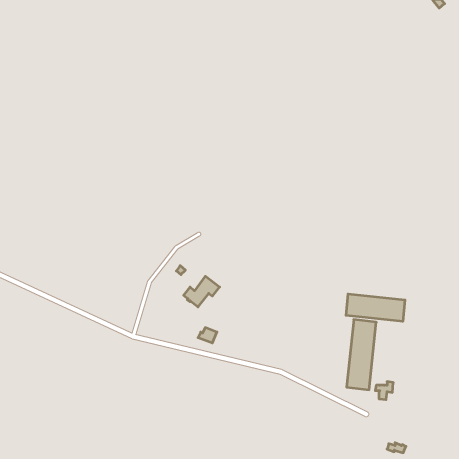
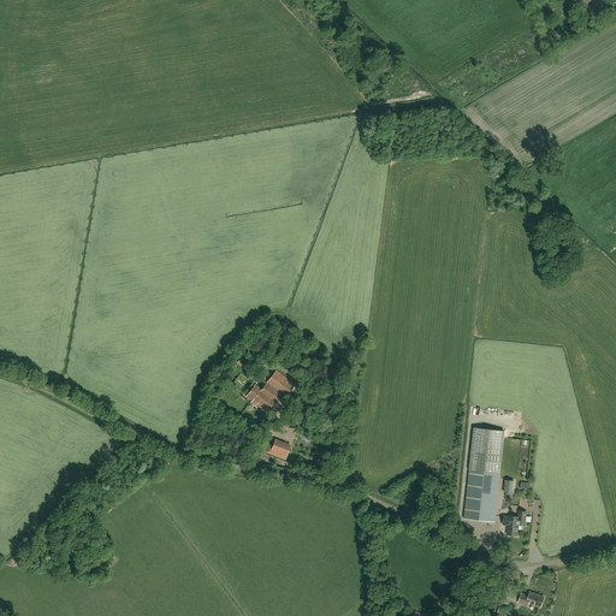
building: [346,294,405,321] -> none

